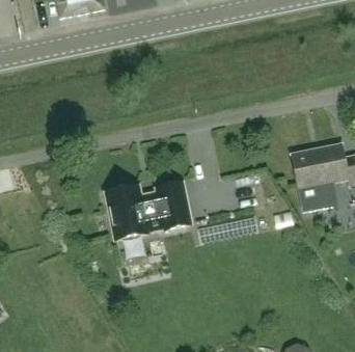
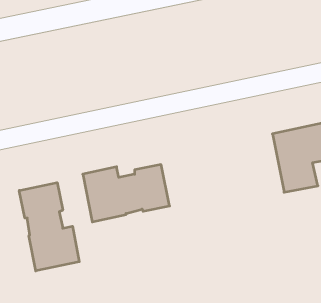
building: none -> [19,183,79,271]

